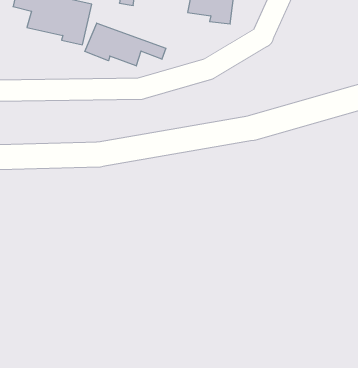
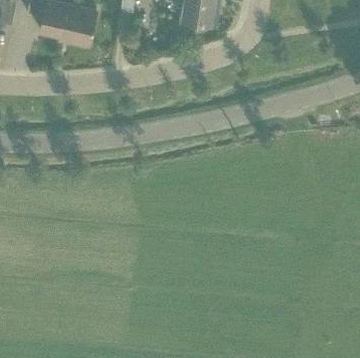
building: [85,23,166,66] -> none

